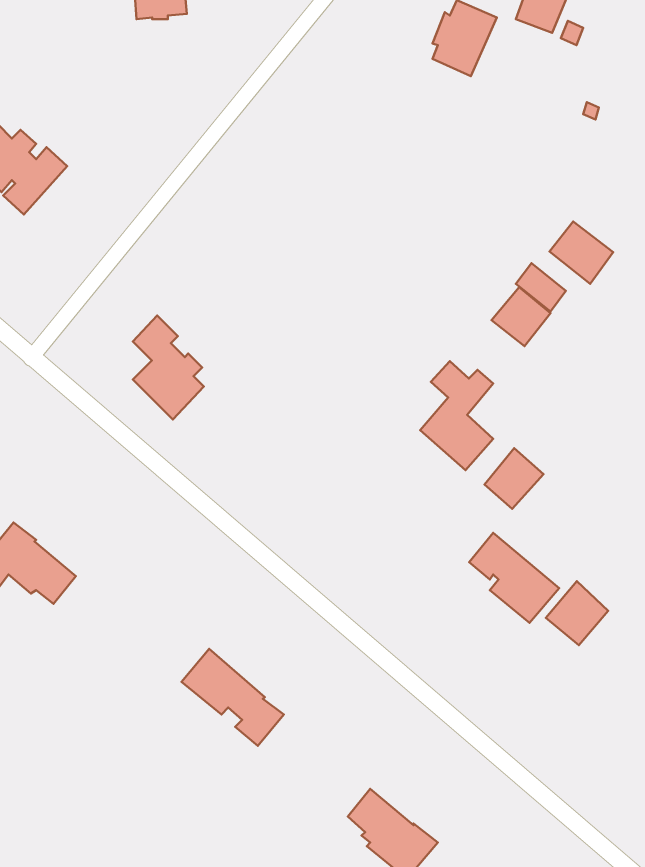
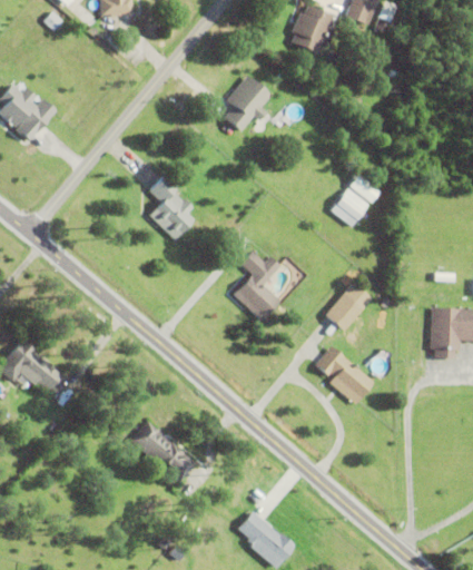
building: none -> [225,76,273,132]
building: [549,222,613,284] -> none
building: [133,316,204,419] -> [150,174,196,240]
building: [420,361,493,470] -> [234,250,280,321]
building: [546,581,608,645] -> none

